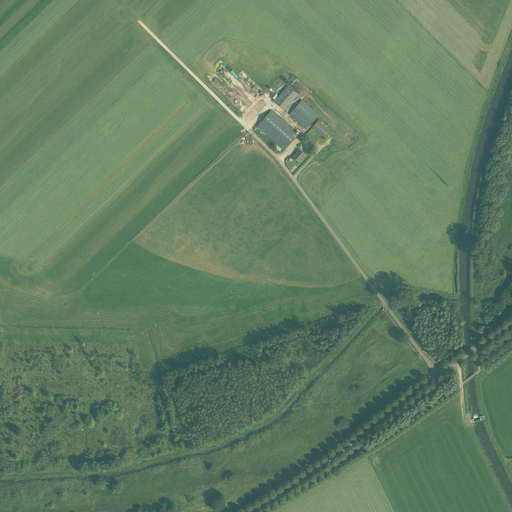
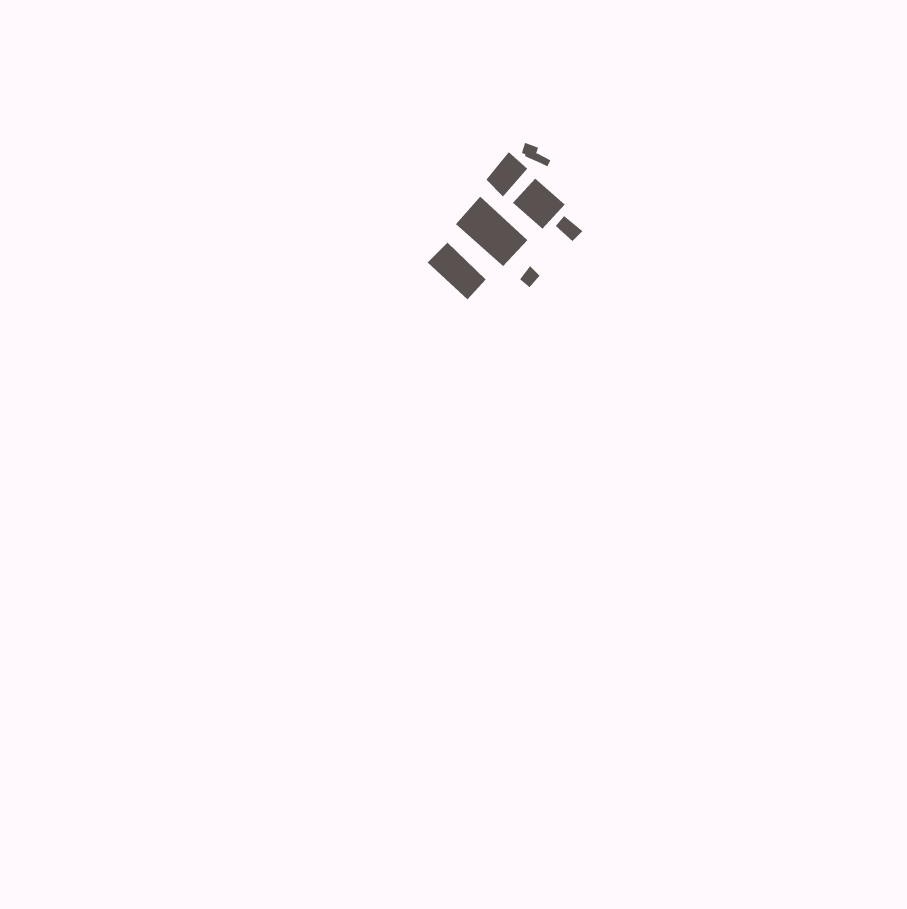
building: none -> [427,242,487,300]

